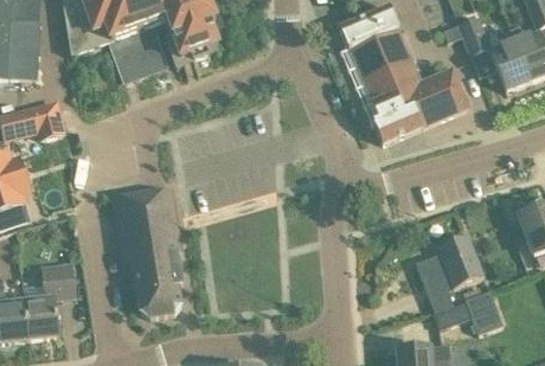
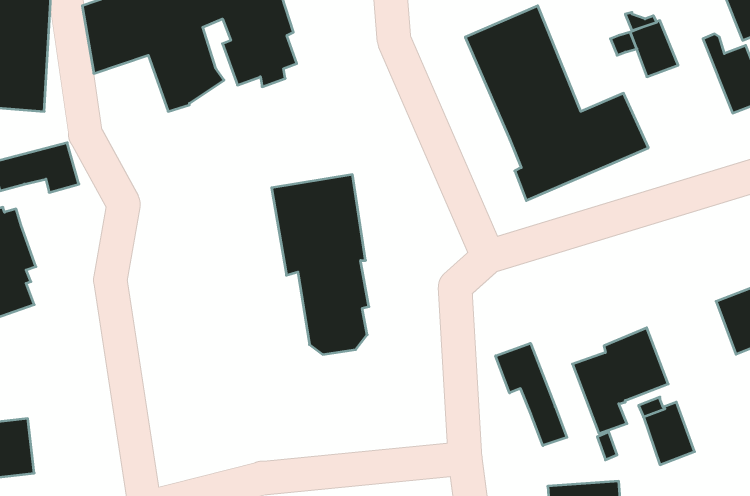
building: [489,28,530,92] -> none
building: [113,188,182,317] -> [272,175,369,354]
building: none -> [496,343,567,446]
building: [24,261,76,340] -> none

